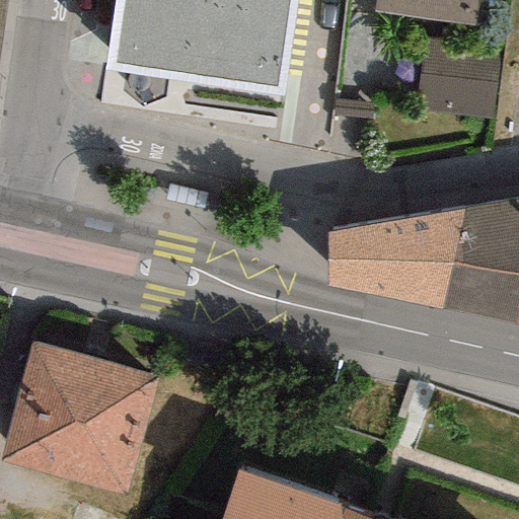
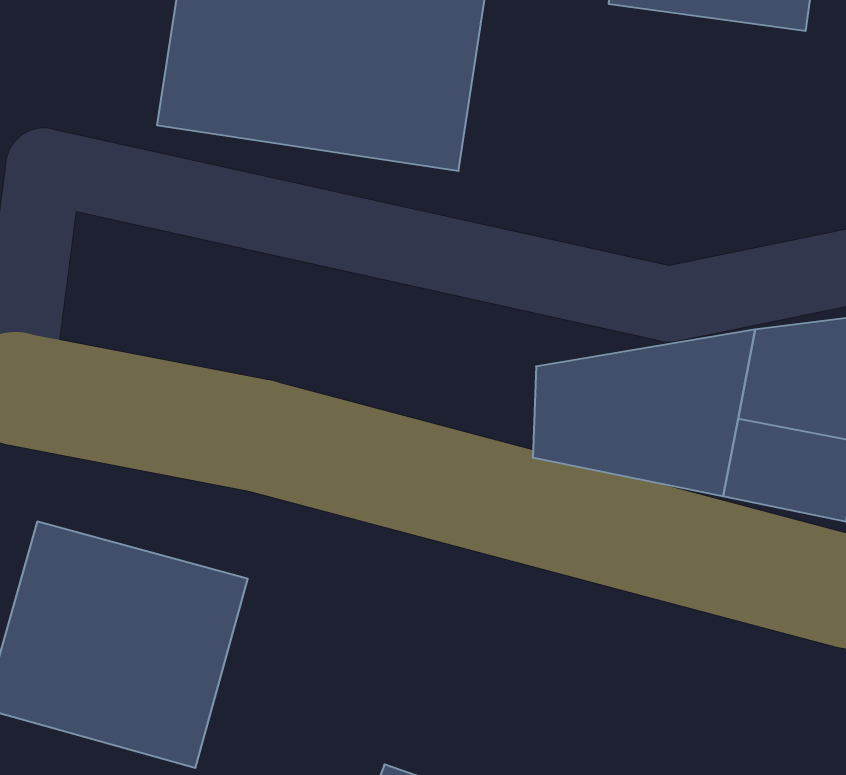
building: [417,42,502,122] -> none

